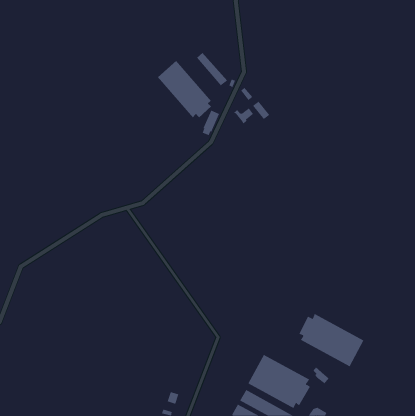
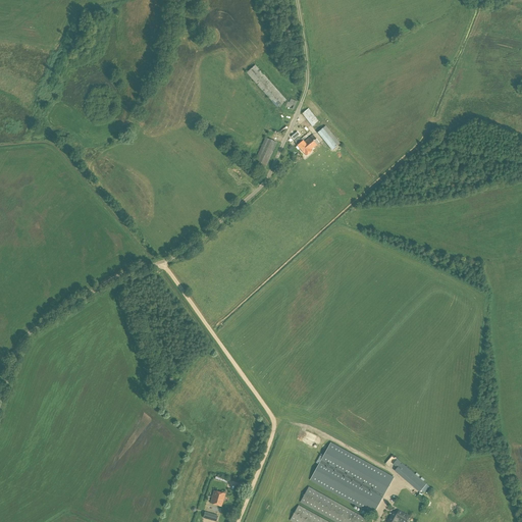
building: [157,60,212,118] -> none
building: [299,313,364,367] -> none

